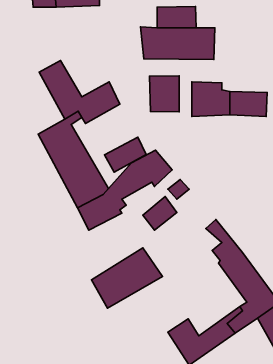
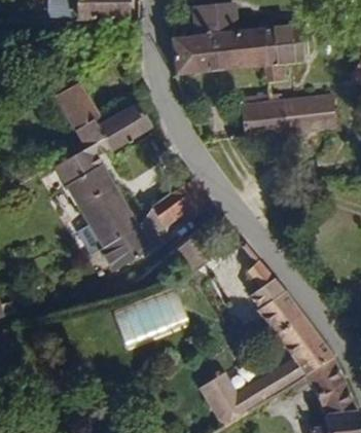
building: none -> [256,34,303,82]
building: [149,76,179,112] -> none
building: [105,137,146,172] -> none

